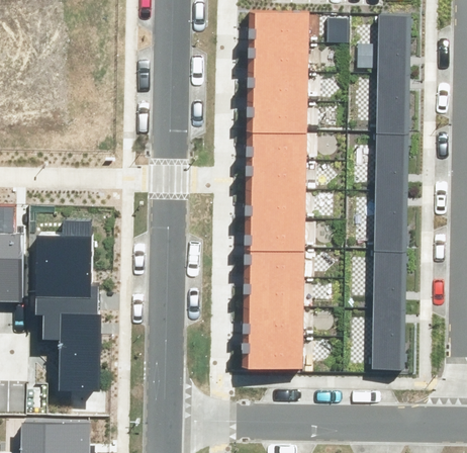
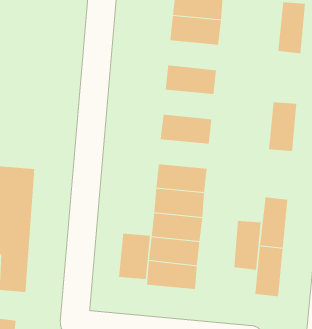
building: [247,73,306,104] -> none
building: [376,76,405,137] -> none
building: [246,132,305,163] -> none
building: [245,192,304,222] -> none
building: [375,194,404,252] -> [233,220,261,270]
building: none -> [119,233,150,280]

